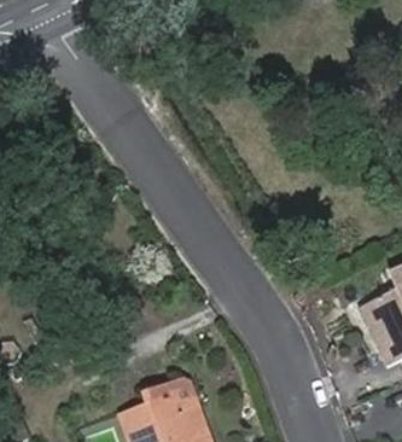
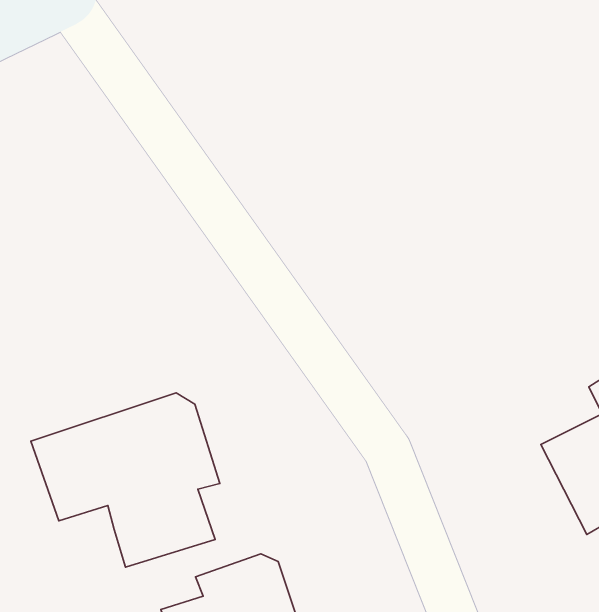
building: none -> [31,393,220,567]

